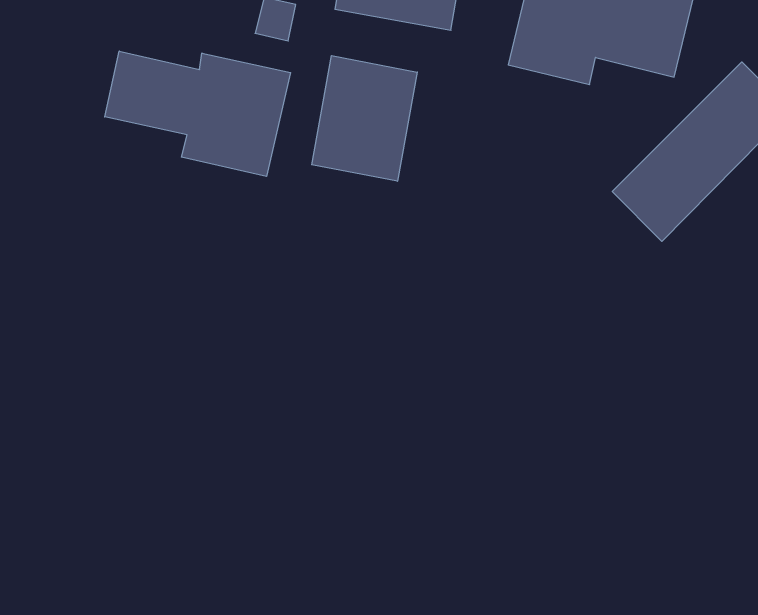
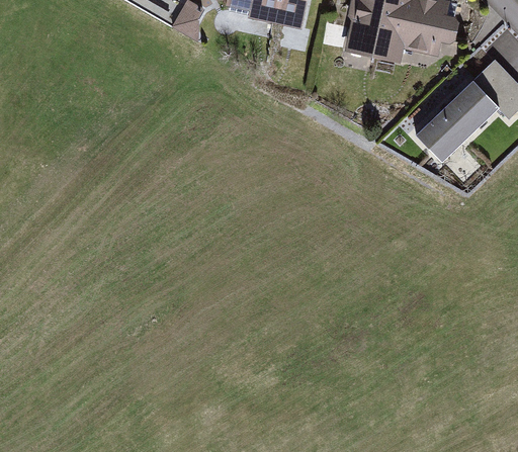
building: [105,51,291,176] -> none
building: [312,56,417,181] -> none

